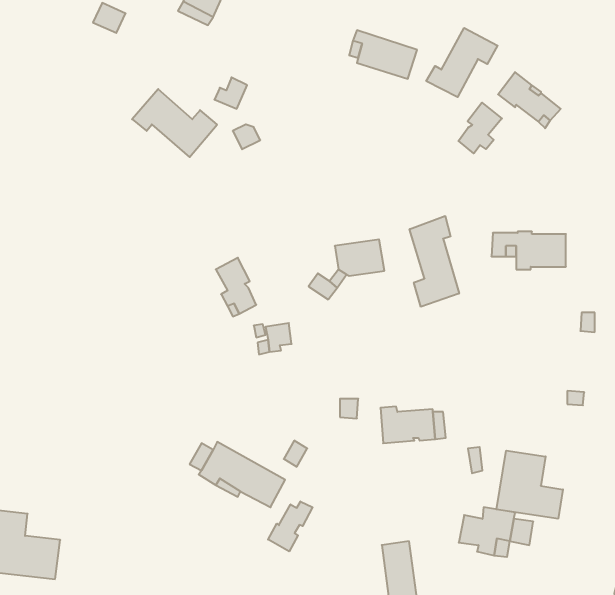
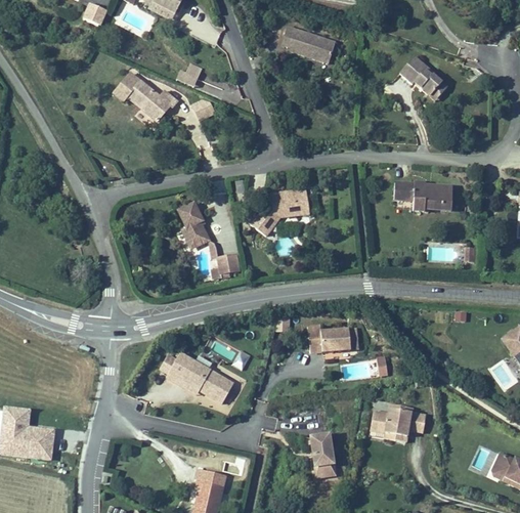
building: [426,28,498,97] -> none
building: [458,103,502,153] -> none
building: [410,216,459,307] -> none
building: [496,451,563,519] -> none
building: [268,501,313,551] -> none

